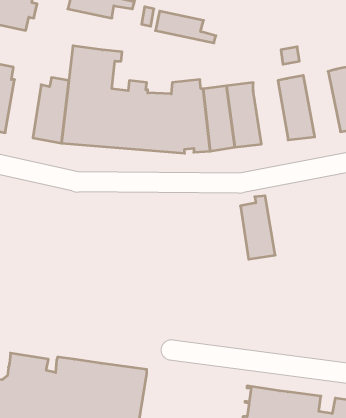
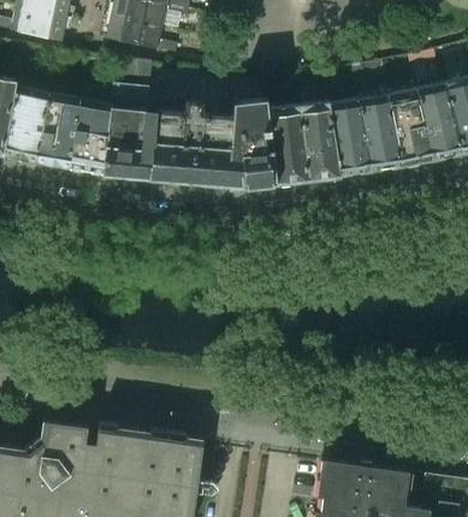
building: [155,11,216,43] -> [106,16,177,53]
building: none -> [387,89,431,166]
building: none -> [37,99,79,167]
building: [240,196,275,259] -> [328,100,369,174]

